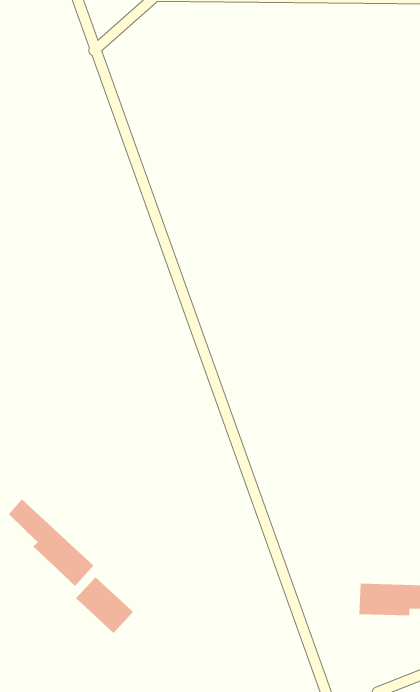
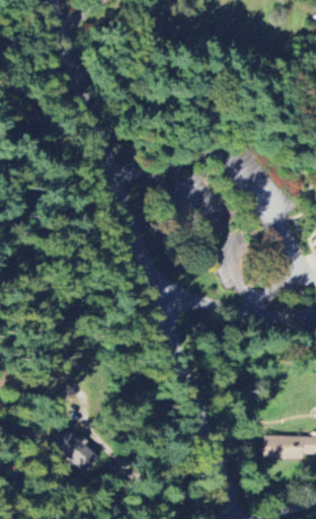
building: [8,498,94,587] -> none

